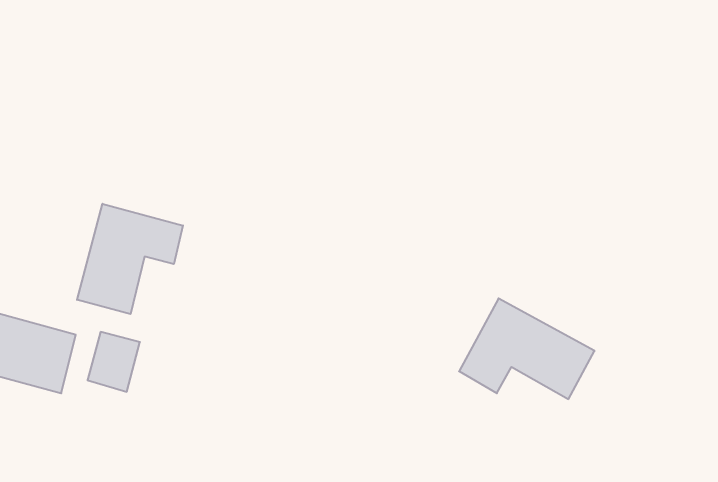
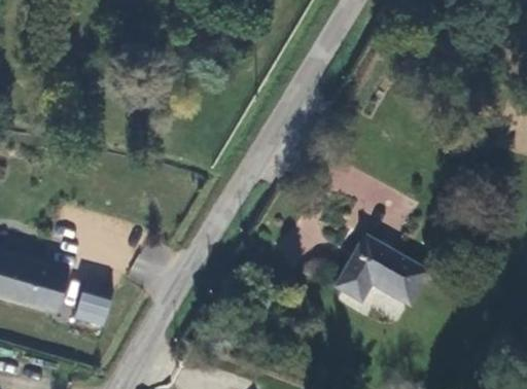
building: [77,204,183,314] -> none

